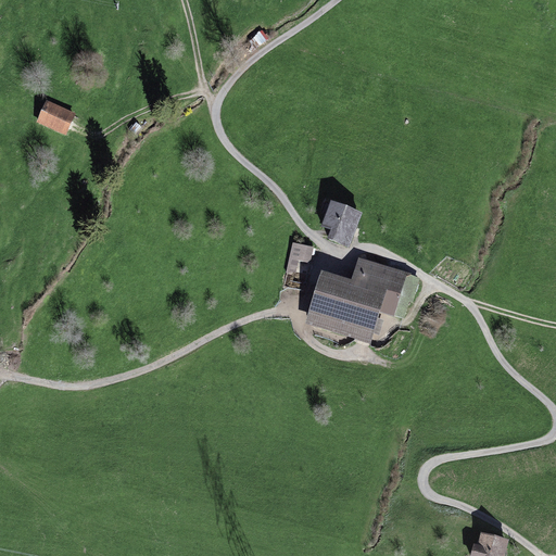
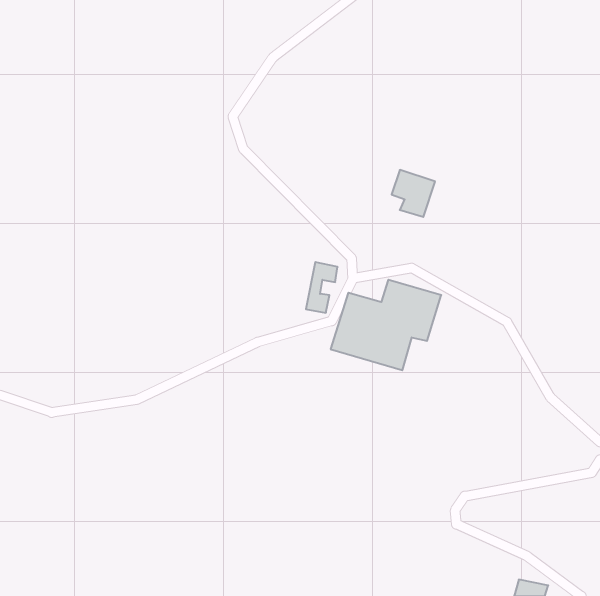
building: [35,96,76,132] -> none
building: [321,202,362,245] -> [392,170,435,217]

